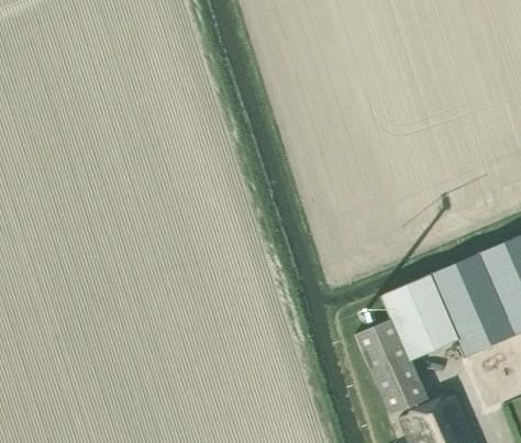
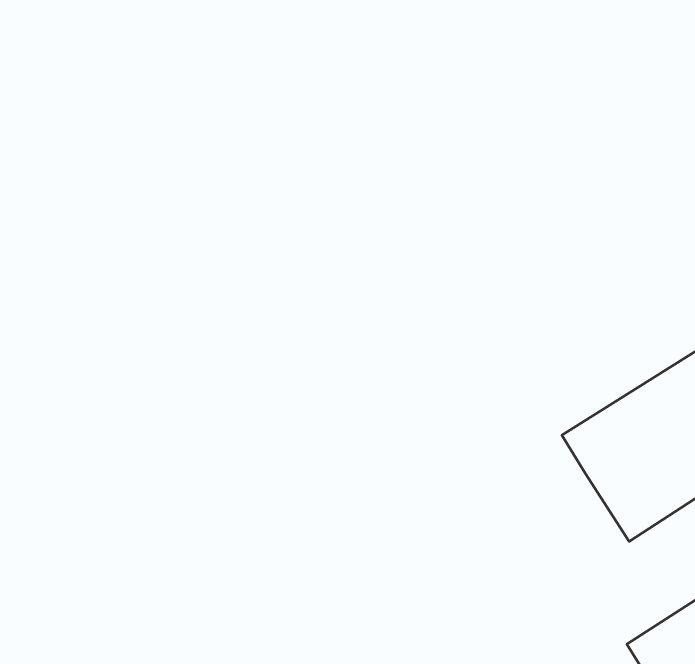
building: [355,319,426,416] -> none

